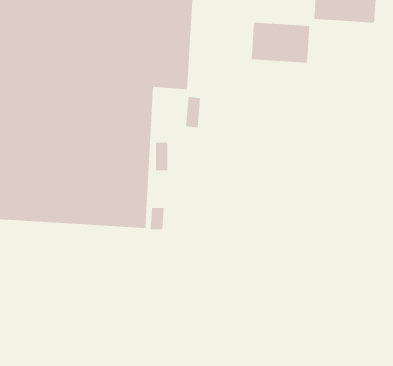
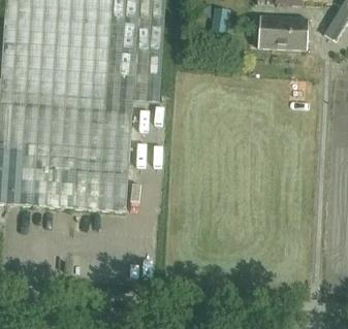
building: [251,22,310,63] -> none

